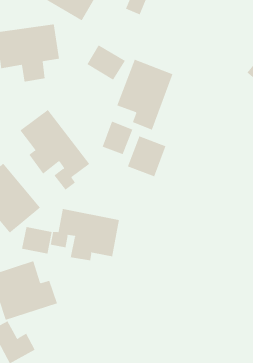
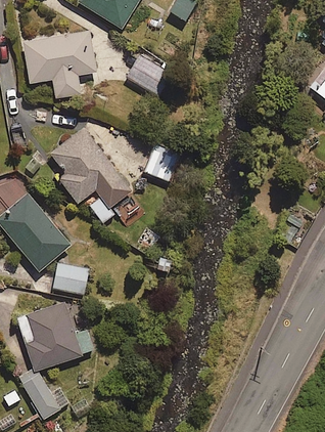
building: [117,59,173,131] -> none
building: [127,136,166,177] -> none
building: [50,208,120,261] -> none

